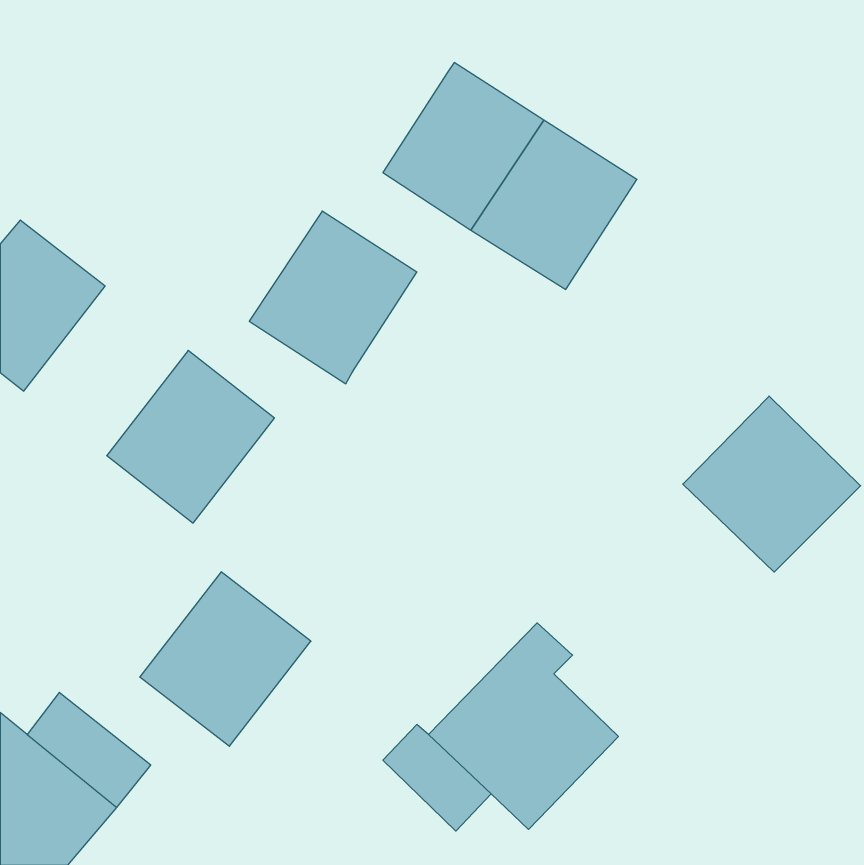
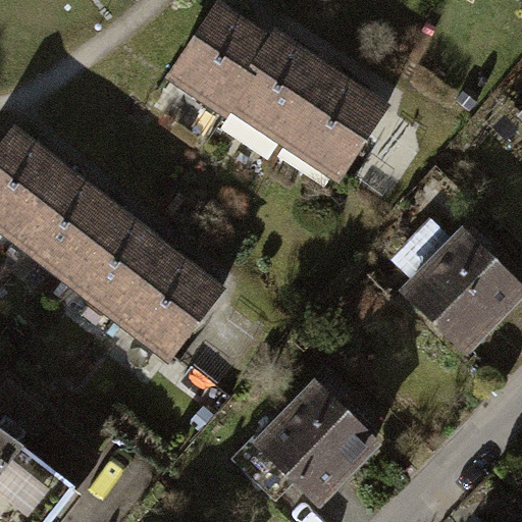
building: [249,211,417,384] -> [169,7,270,111]
building: none -> [15,172,114,274]
building: [140,572,311,746] -> [117,252,220,357]

